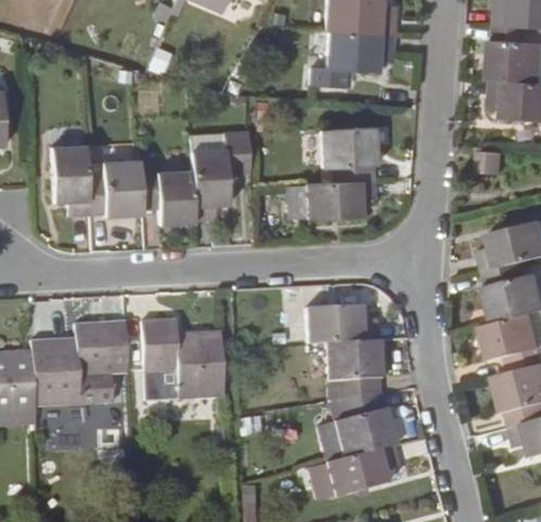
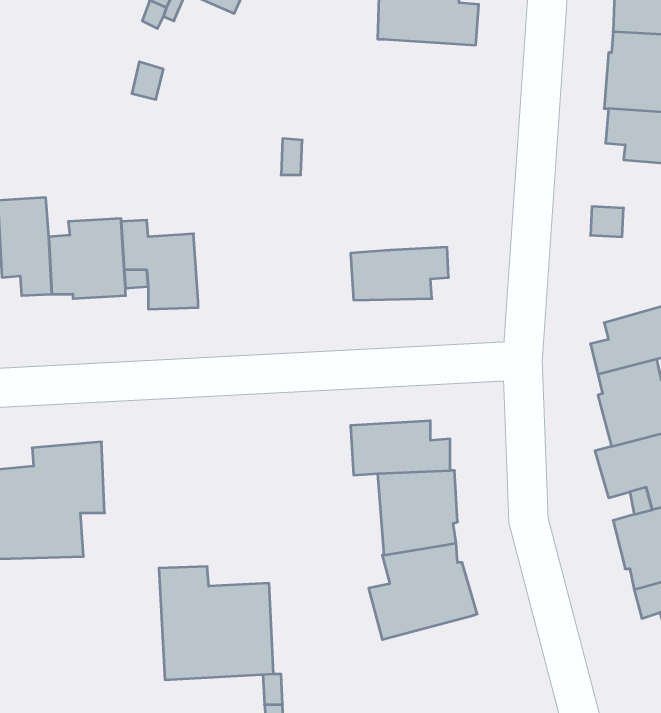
building: [309,30,394,86] -> none
building: [320,128,376,182] -> none
building: [190,132,250,219] -> none
building: [140,319,223,400] -> [159,567,274,680]
building: [307,445,398,500] -> none

